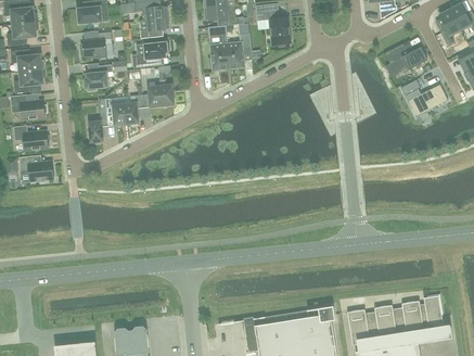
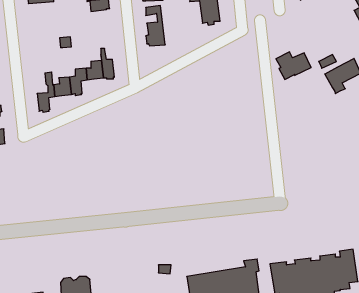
building: [80,31,112,56] -> none
building: [227,35,248,68] -> none
building: [131,41,169,67] -> none
building: [387,44,426,75] -> [276,52,311,79]
building: [81,64,112,90] -> none

